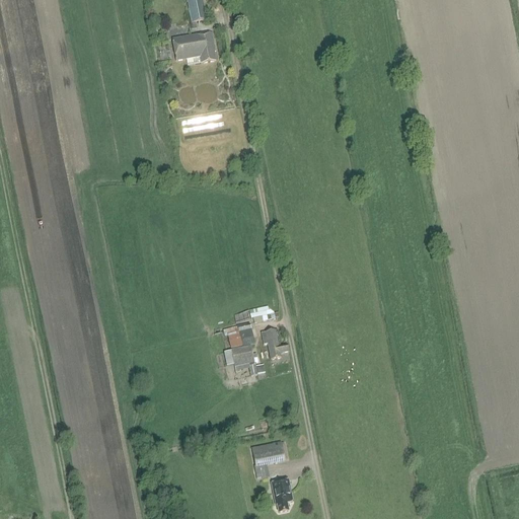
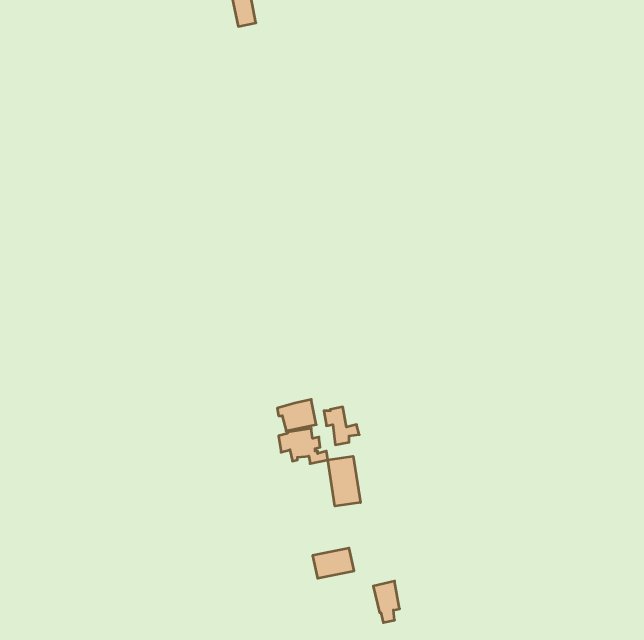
building: [171,30,215,61] -> none
building: none -> [328,456,360,506]
building: [271,477,292,511] -> [373,581,400,623]

